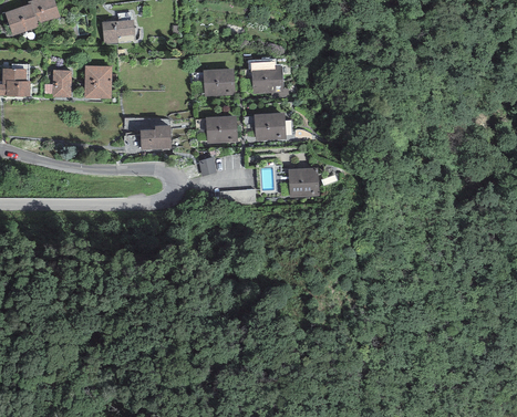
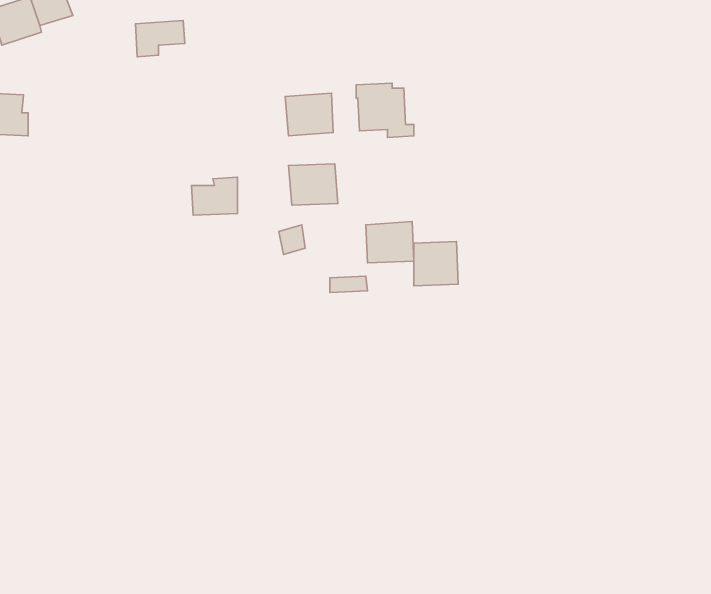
building: [84,65,112,97] -> none
building: [52,69,71,96] -> none
building: [254,112,286,139] -> [366,221,414,263]

